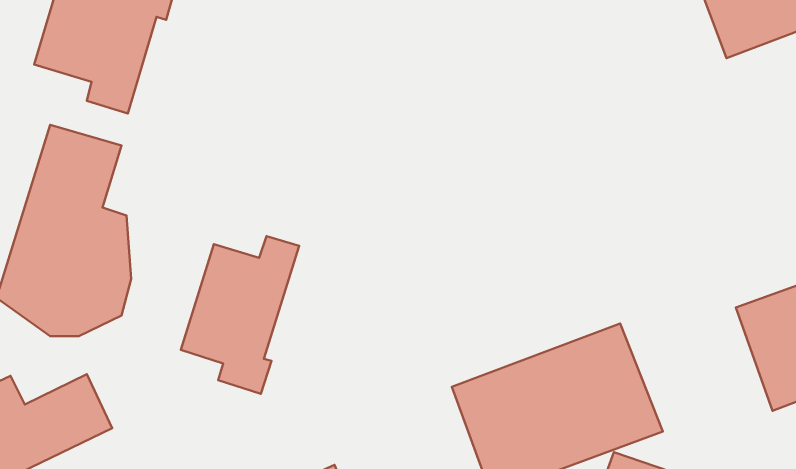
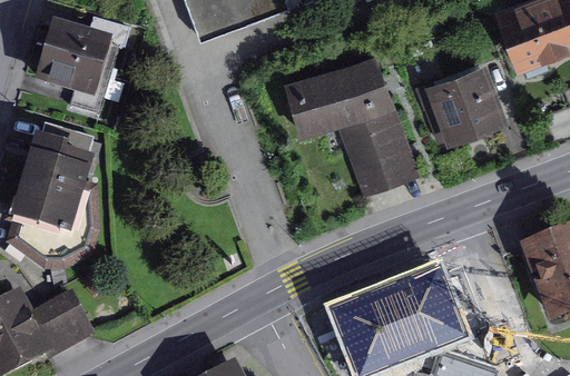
building: none -> [281,53,420,197]
building: none -> [423,65,508,149]
building: [181,236,299,394] -> none

